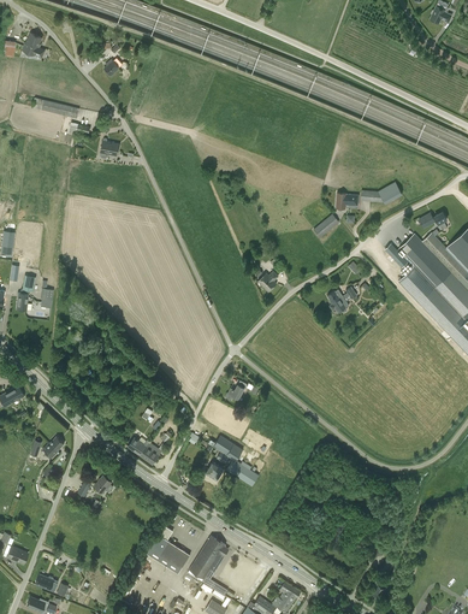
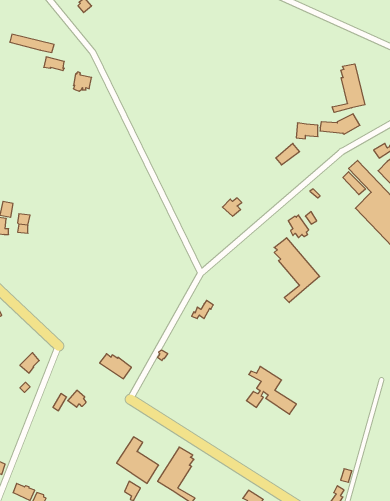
building: none -> [332,64,365,112]
building: none -> [274,238,320,303]
building: [206,435,259,485] -> [246,366,296,414]

